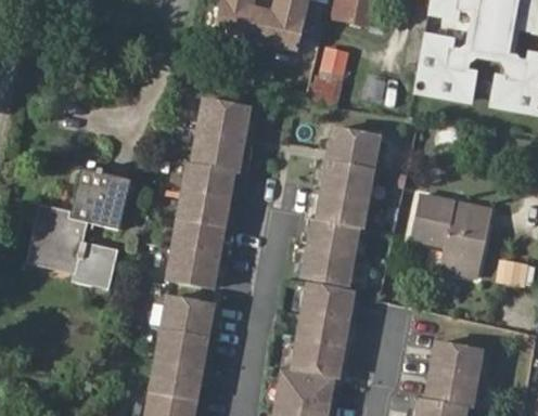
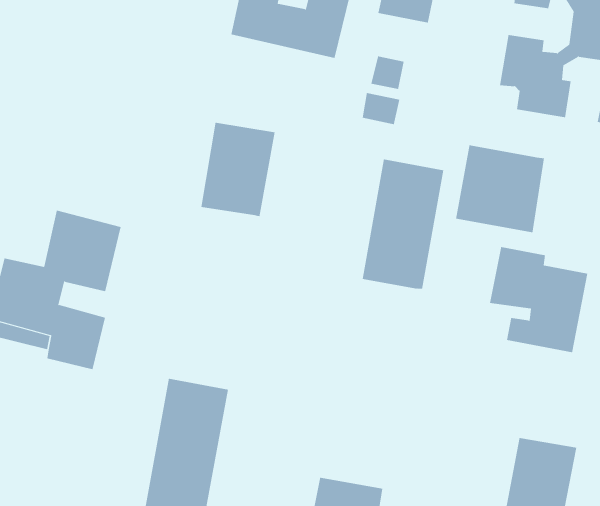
building: none -> [456,144,544,233]
building: [167,164,233,287] -> none
building: [303,219,358,284] -> none
building: [292,283,354,376] -> none

